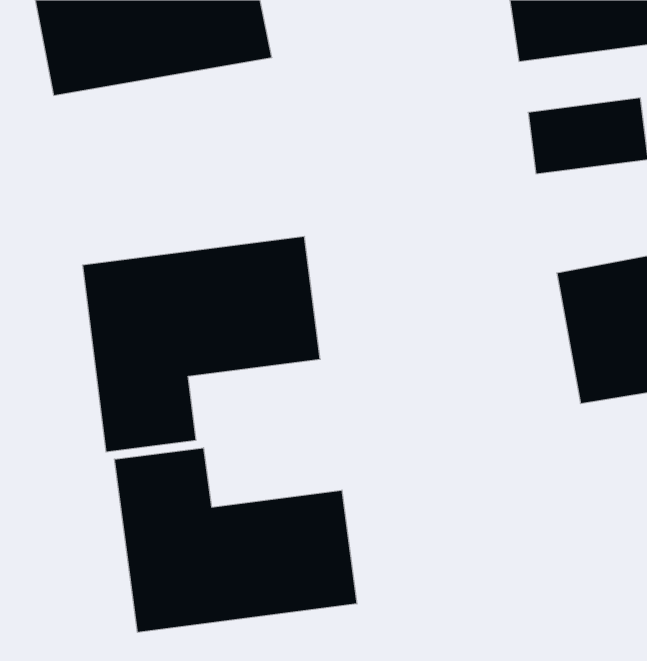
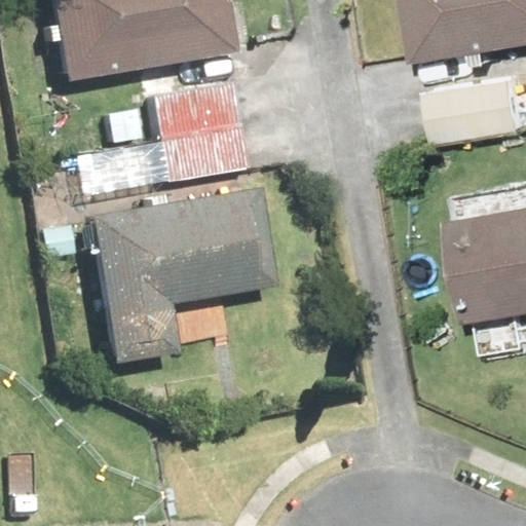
building: none -> [125,89,230,177]
building: [114,448,357,632] -> none

